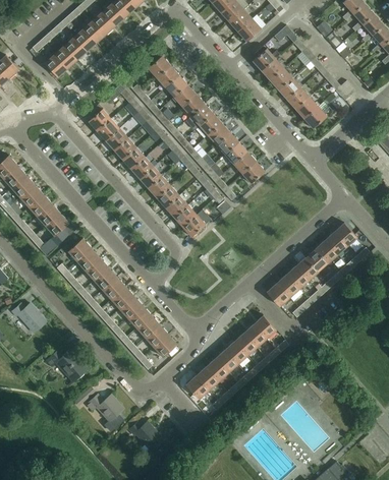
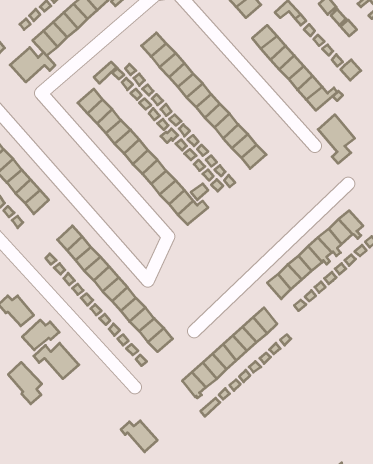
building: none -> [10,47,55,82]
building: none -> [318,115,355,163]
building: [34,214,69,256] -> none
building: none -> [22,320,59,350]
building: none -> [8,362,42,404]
building: [87,395,124,432] -> none

